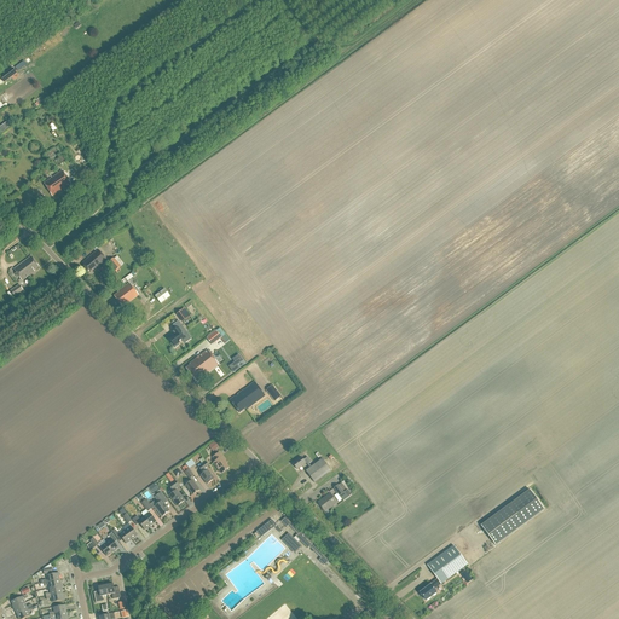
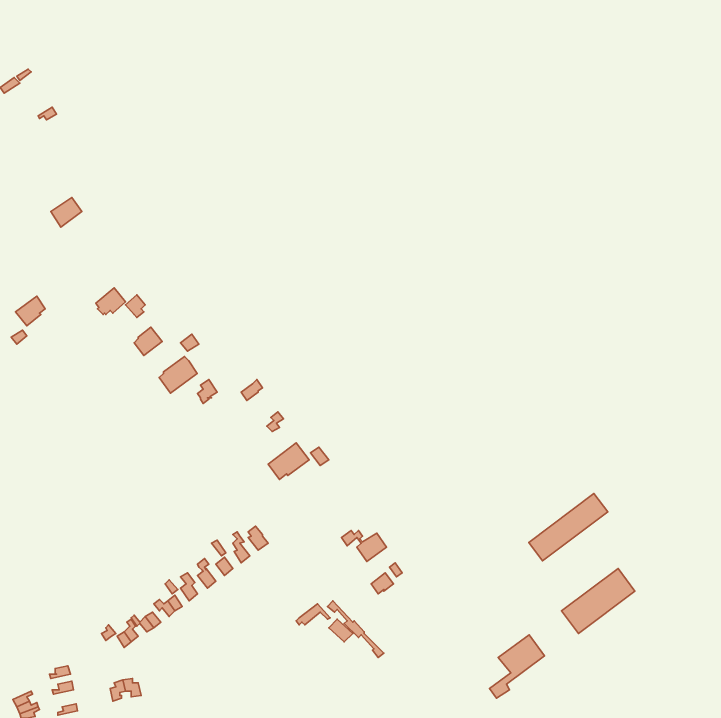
building: [186,348,219,380] -> [159,356,197,393]
building: none -> [529,494,608,561]

